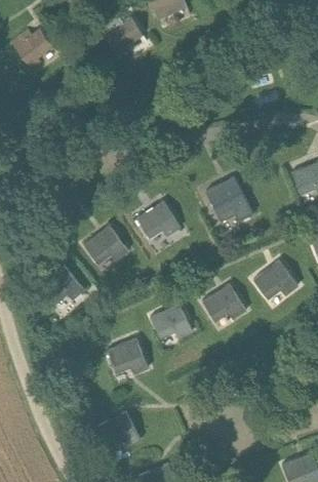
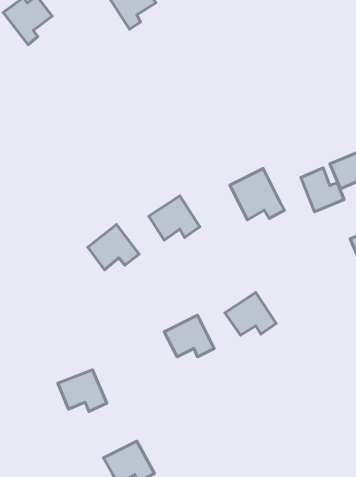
building: none -> [301,168,344,212]
building: [253,260,299,298] -> none
building: [40,265,85,304] -> none
building: [107,338,149,374] -> [58,370,107,412]

